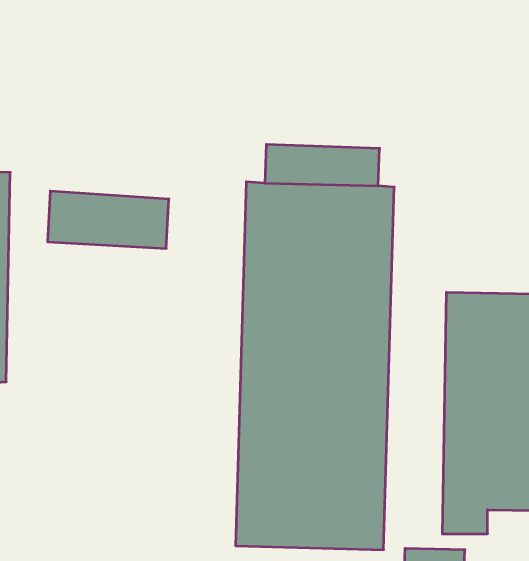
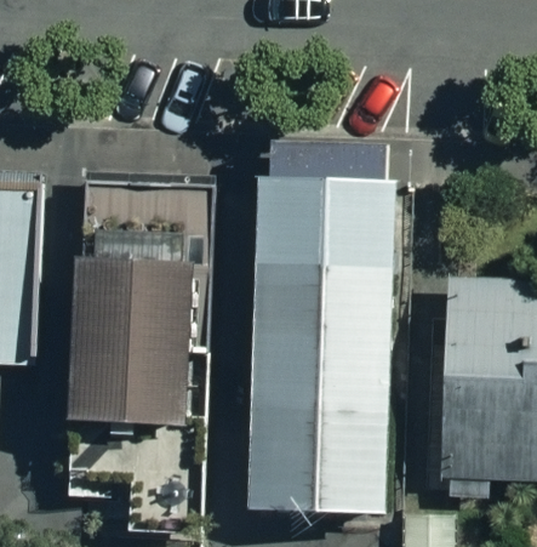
building: none -> [62,261,198,422]

